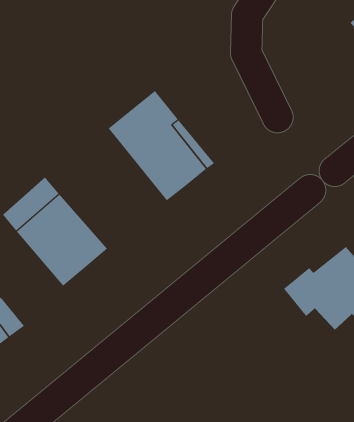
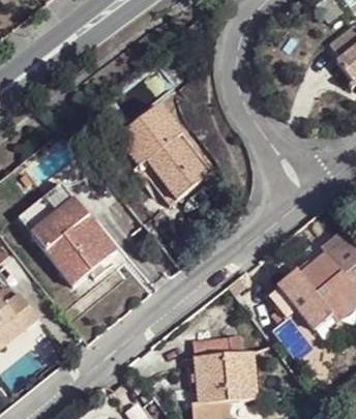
building: none -> [194,334,257,405]

